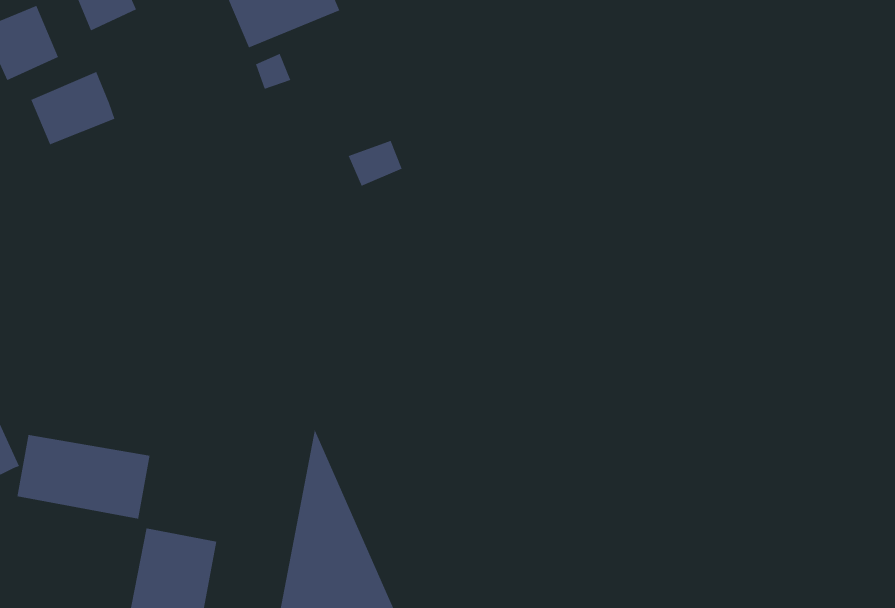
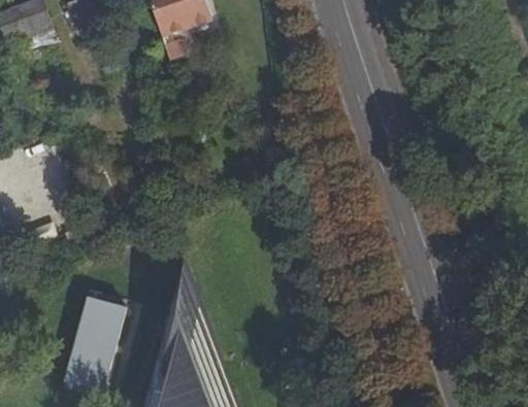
building: [30,71,115,145] -> none
building: [17,434,150,520] -> none

